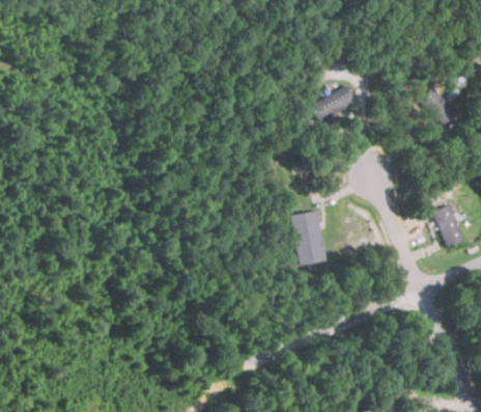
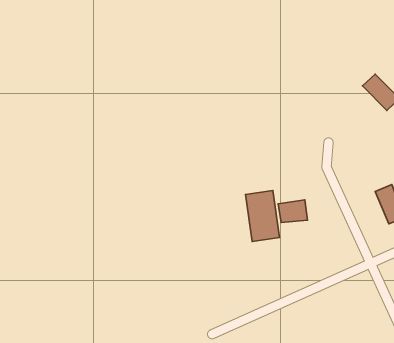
building: [311,85,360,121] -> none
building: none -> [278,200,307,223]

